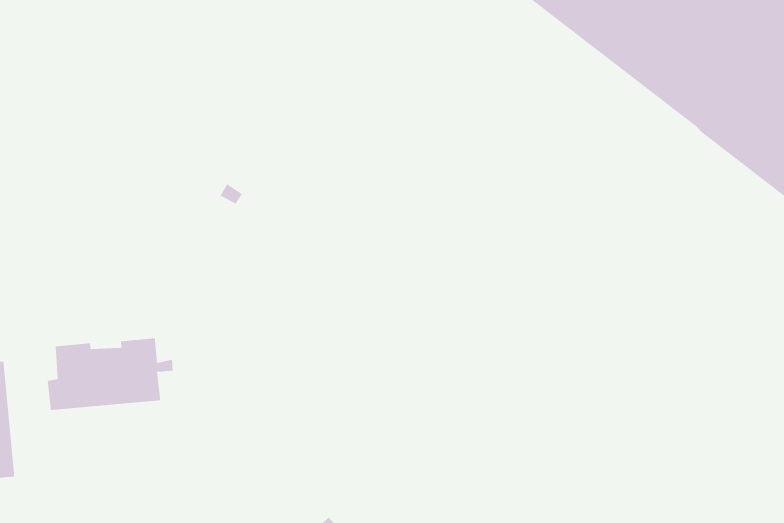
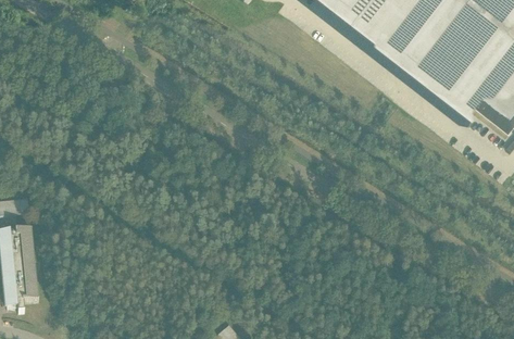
building: [47,338,173,411] -> none

